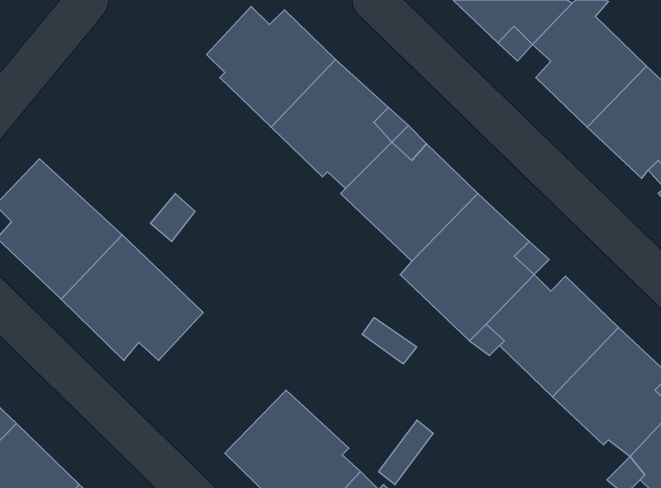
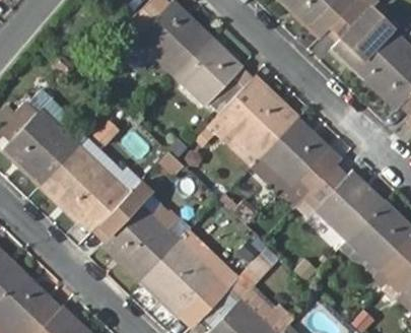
building: none -> [102,192,181,278]

